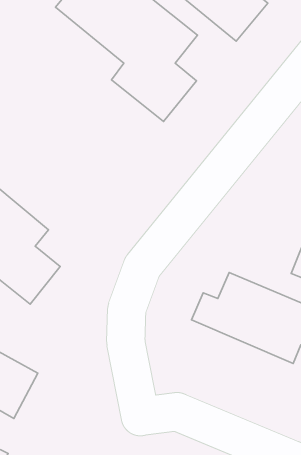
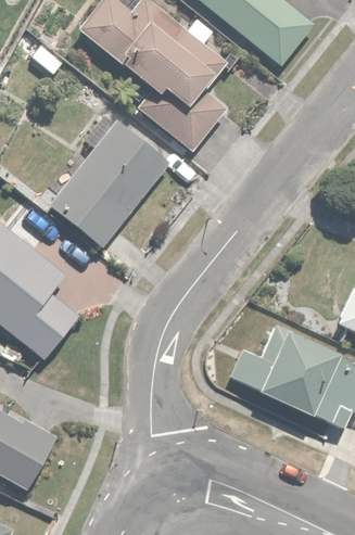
building: none -> [39,106,179,255]

